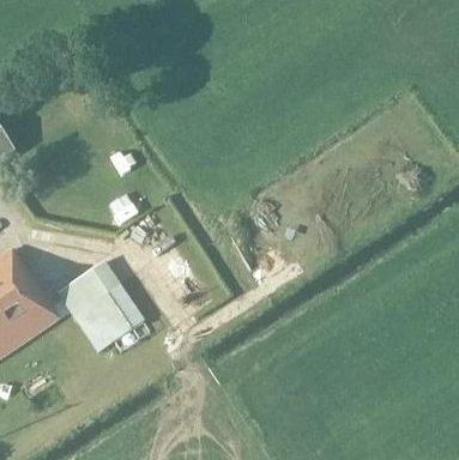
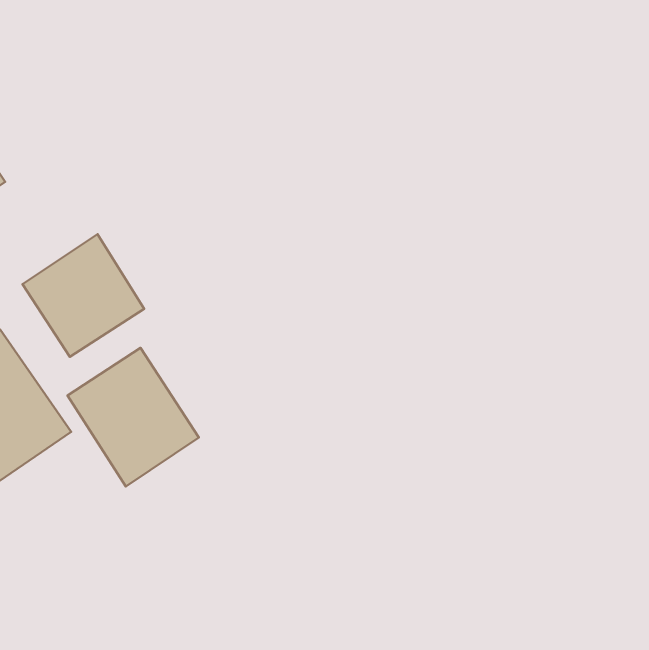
building: none -> [22,234,144,357]

